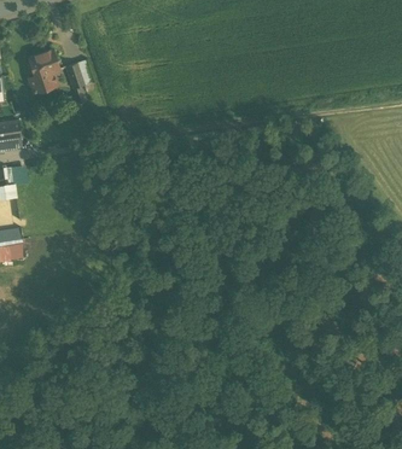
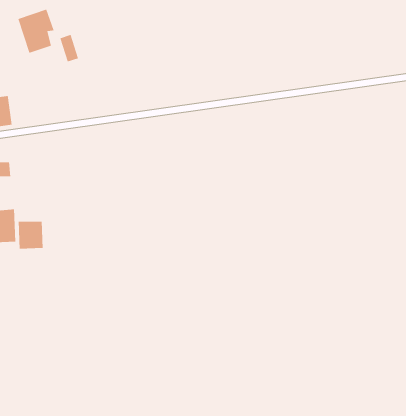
building: none -> [18,221,43,250]

